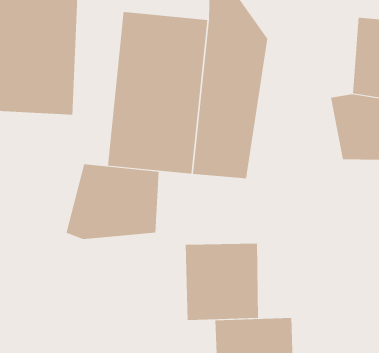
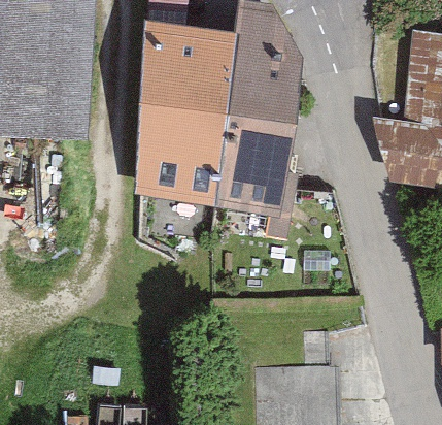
building: [66,163,159,240] -> none
building: [185,243,259,321] -> none

